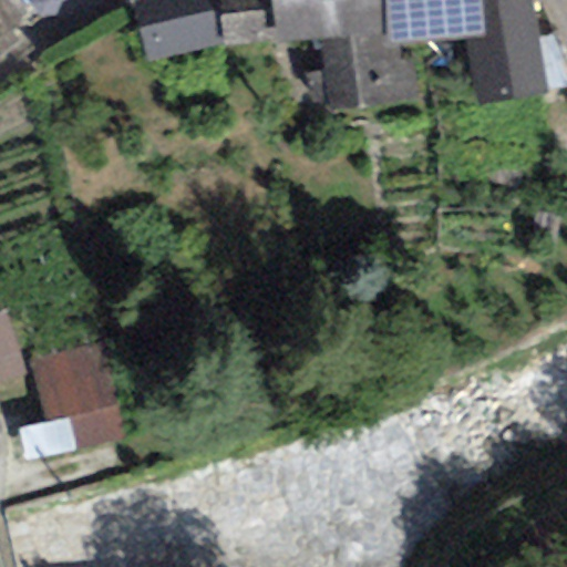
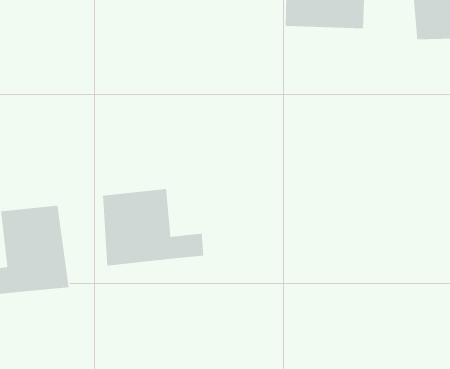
building: none -> [102,188,204,266]

